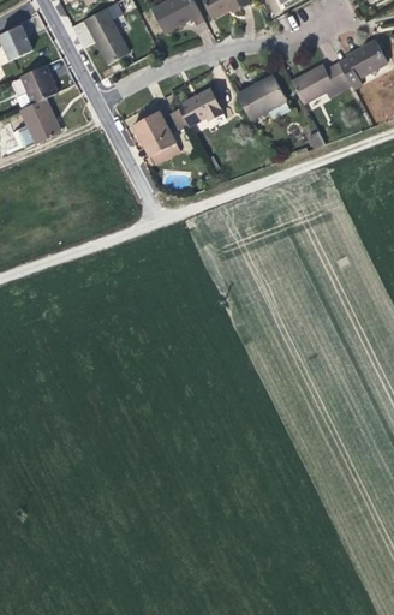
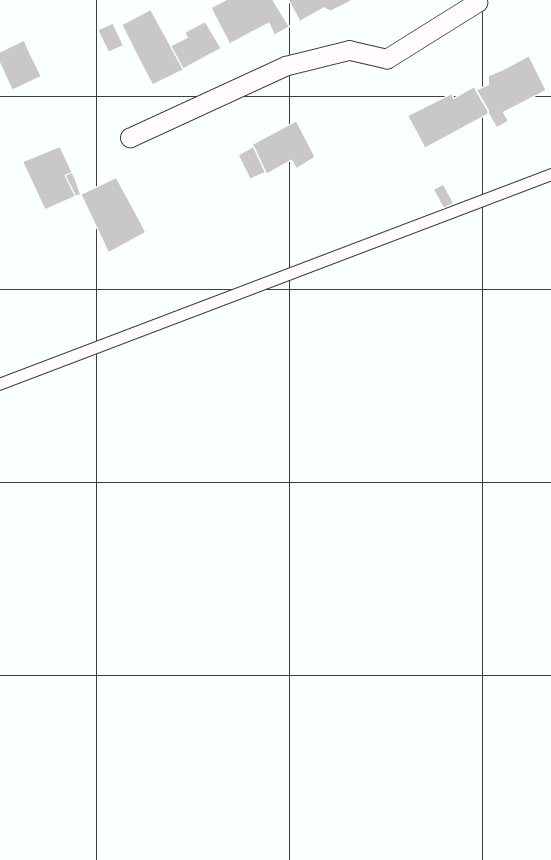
building: none -> [171,22,221,69]
building: [22,70,58,108] -> none
building: [238,76,285,117] -> none
building: [137,111,183,163] -> [81,177,146,253]

